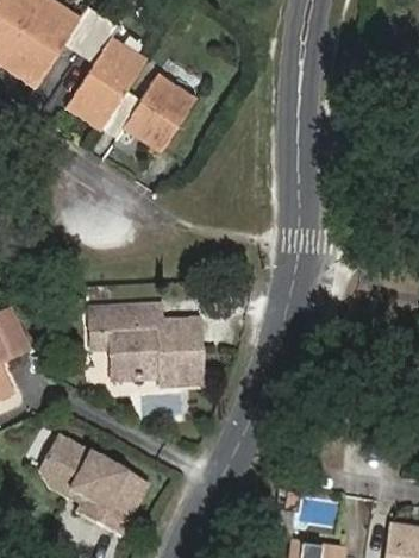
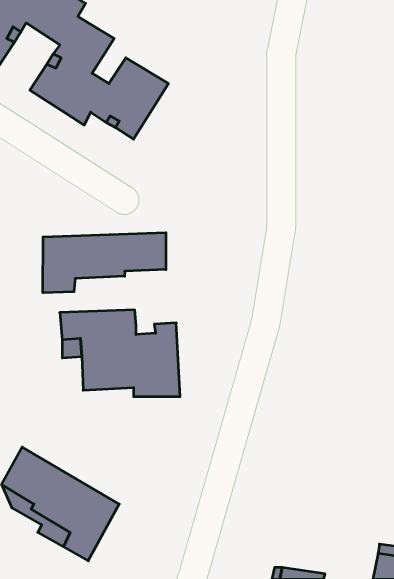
building: none -> [43,233,166,293]

